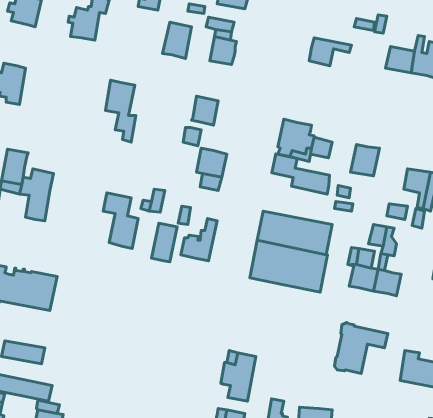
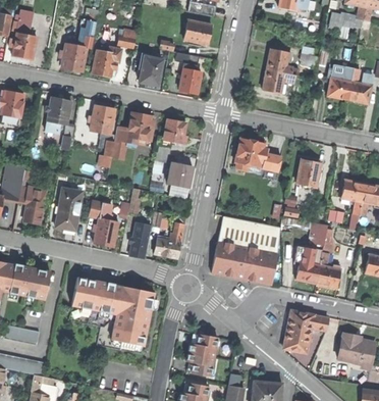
building: none -> [92,47,122,77]
building: none -> [266,49,299,76]
building: none -> [45,97,74,150]
building: none -> [112,112,154,159]
building: [272,154,330,194] -> none
building: none -> [56,187,83,230]
building: none -> [70,277,153,353]

